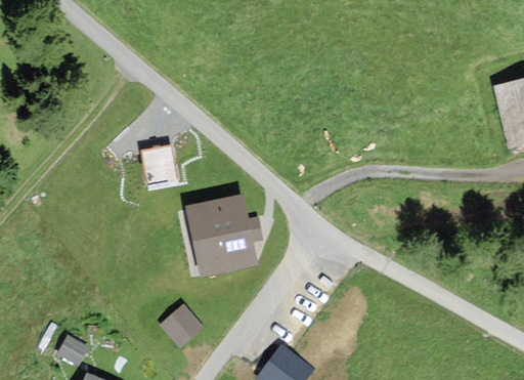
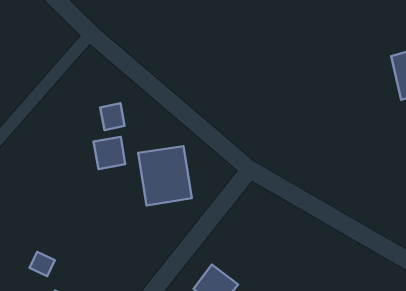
building: none -> [93,137,125,169]
building: [159,304,204,348] -> none

